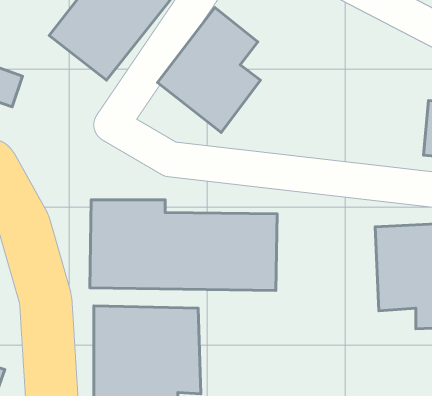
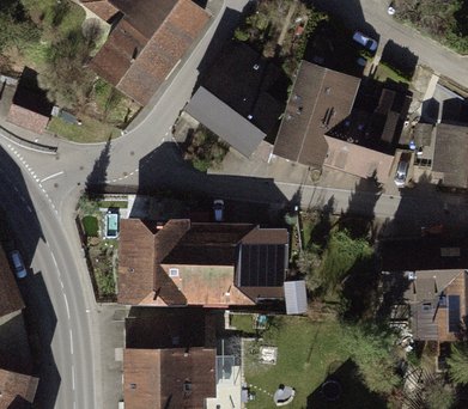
building: none -> [263,63,406,181]

